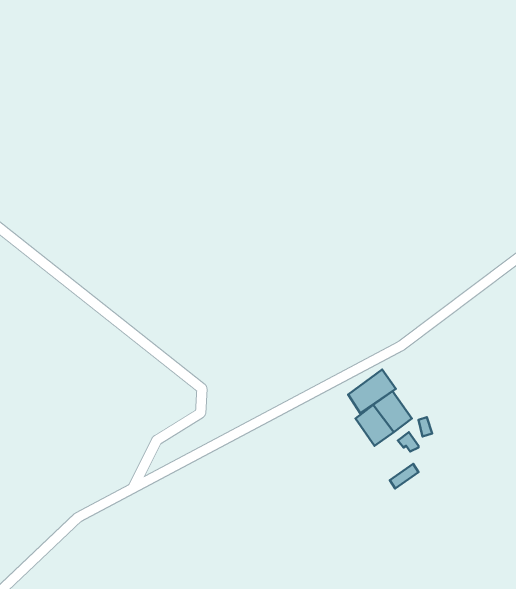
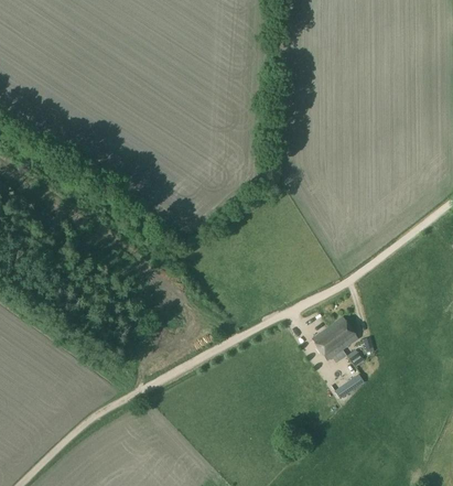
building: [348,370,396,413] -> none

